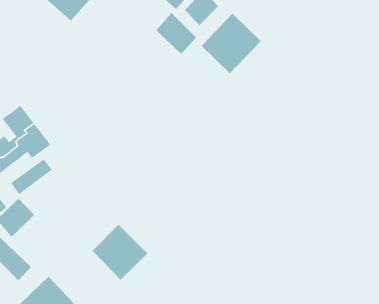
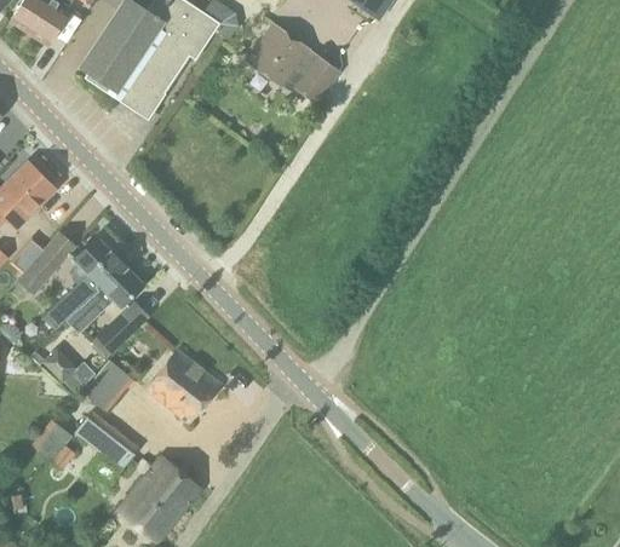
building: [156,12,197,55] -> none
building: [201,13,261,74] -> none
building: [92,224,148,280] -> [148,349,222,422]

